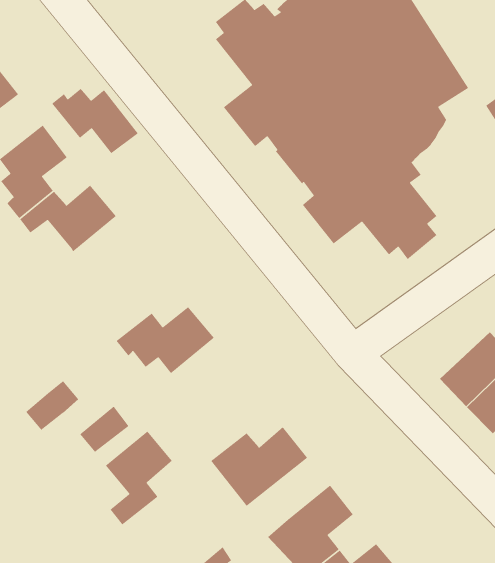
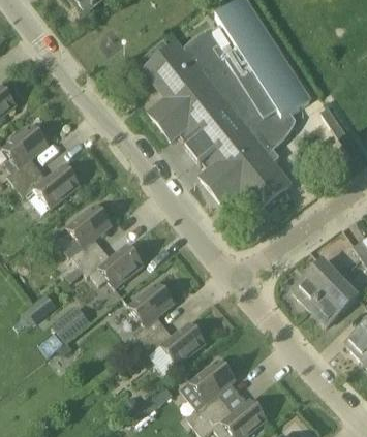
building: [51,88,139,154] -> none
building: none -> [67,202,113,264]
building: [105,431,173,525] -> [130,281,175,343]

